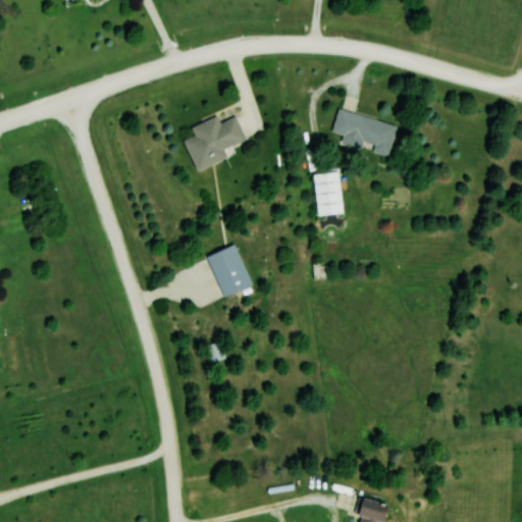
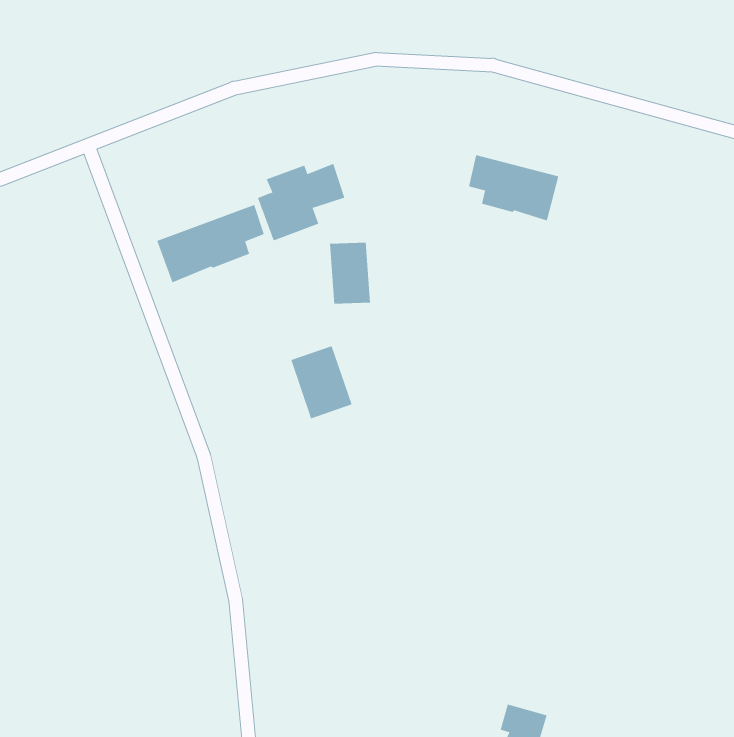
building: none -> [156,204,264,283]
building: [314,172,344,216] -> [329,242,371,304]

